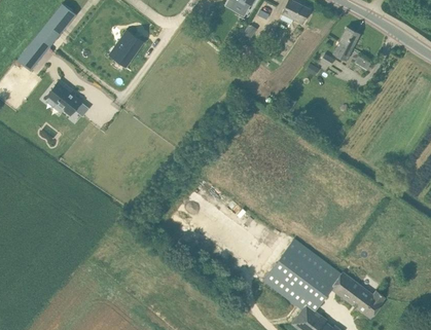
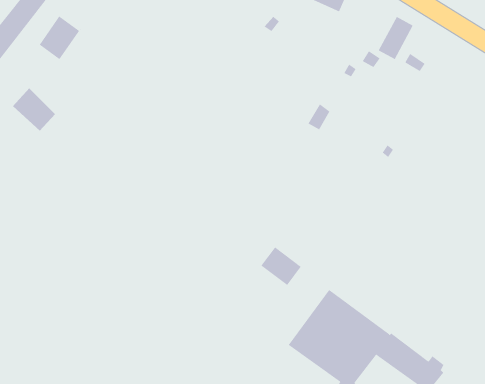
building: [109,29,143,66] -> [38,13,82,61]
building: none -> [261,247,302,286]

